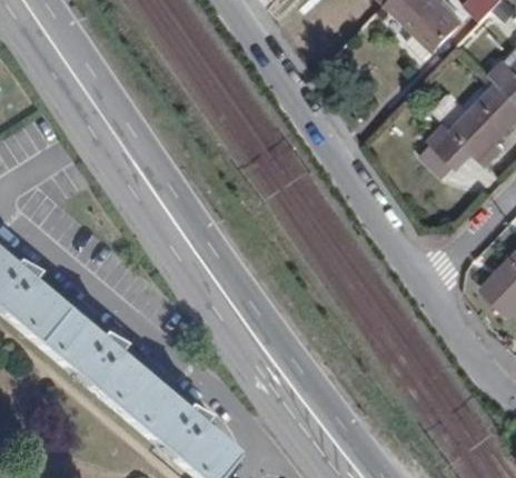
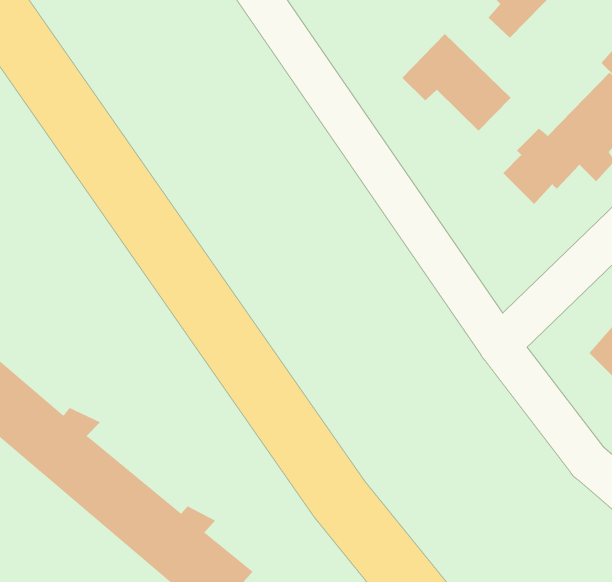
building: none -> [402,33,511,132]

